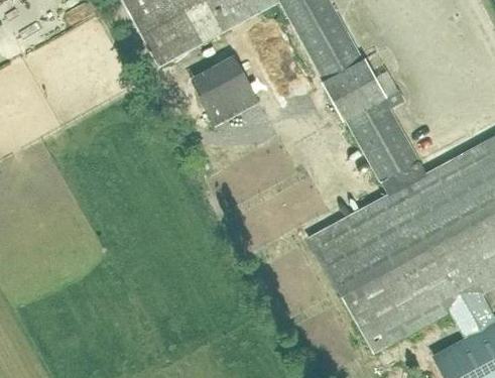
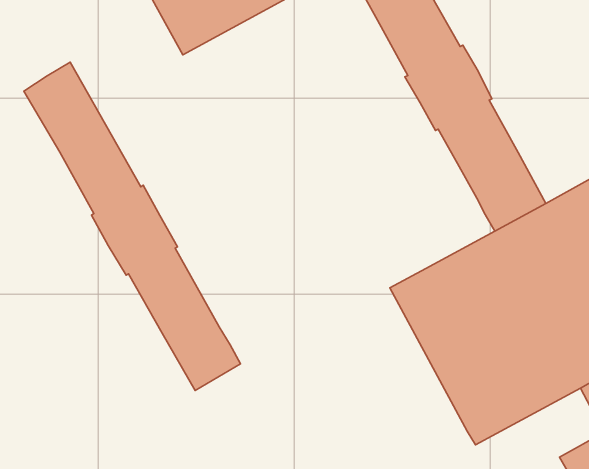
building: [189,55,259,127] -> none
building: none -> [24,62,240,390]

